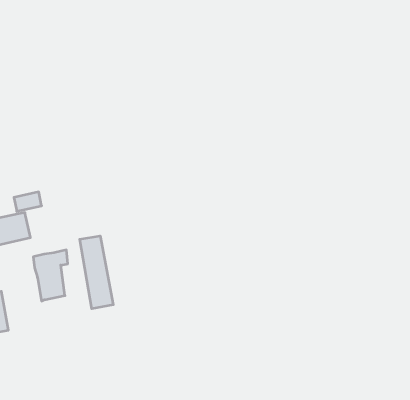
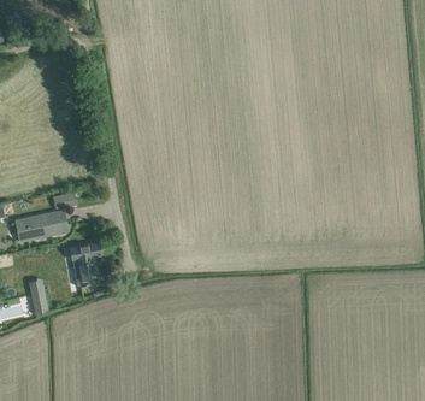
building: [80,236,113,309] -> none

